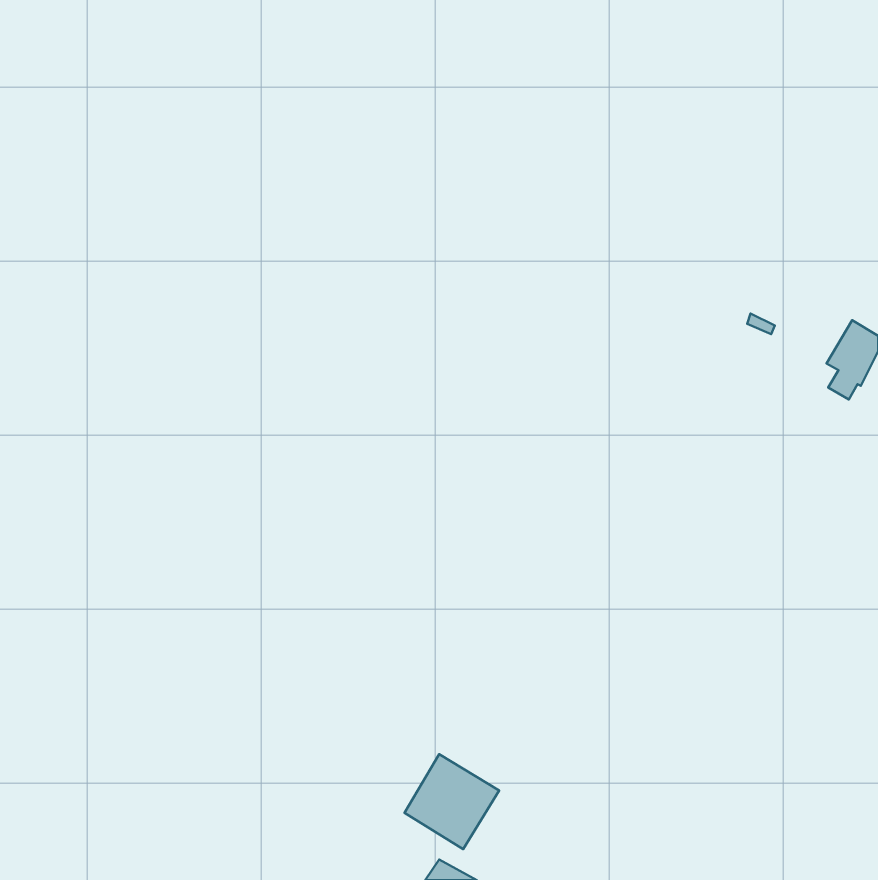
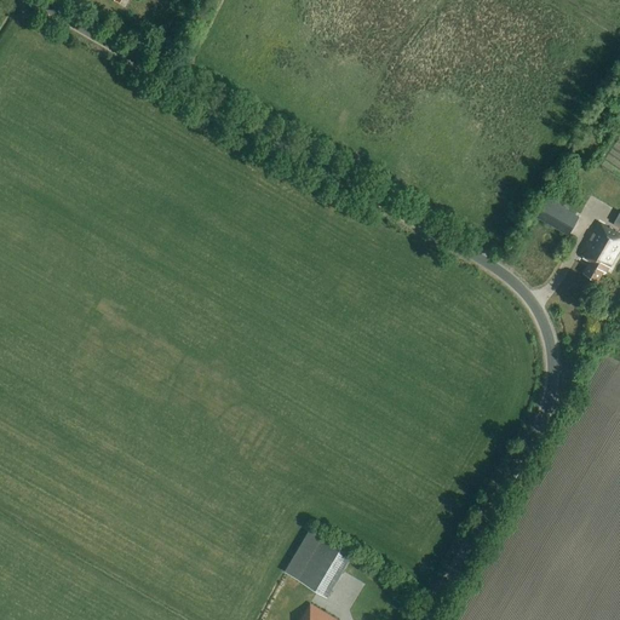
building: none -> [536,200,576,235]

